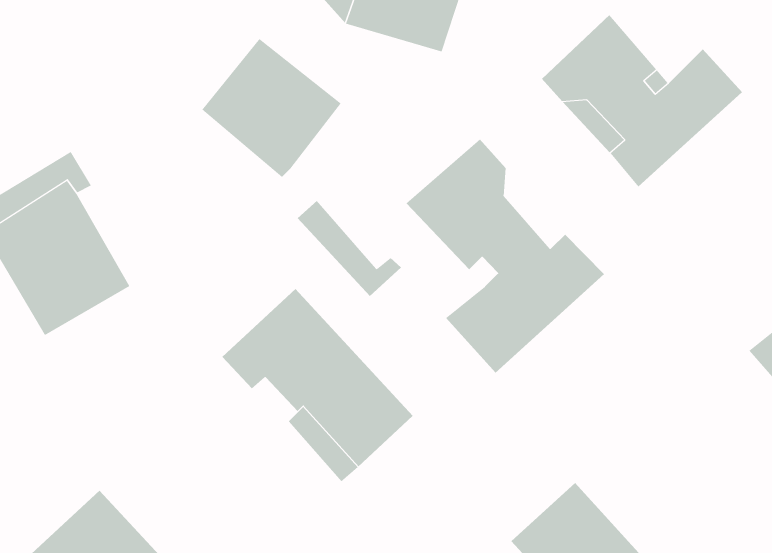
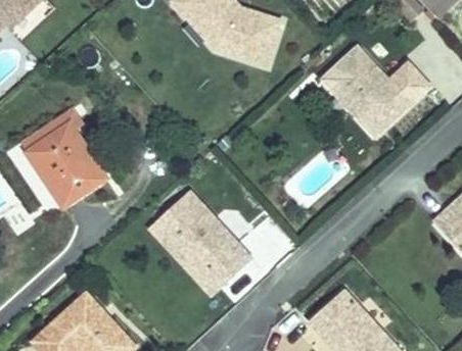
building: [202,38,341,178] -> none
building: [406,139,605,374] -> none
building: [297,200,402,297] -> none

